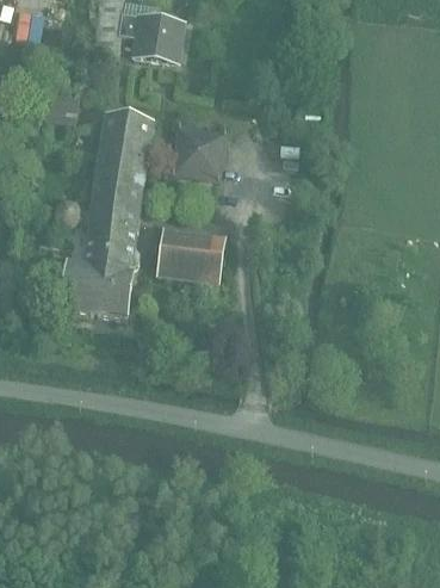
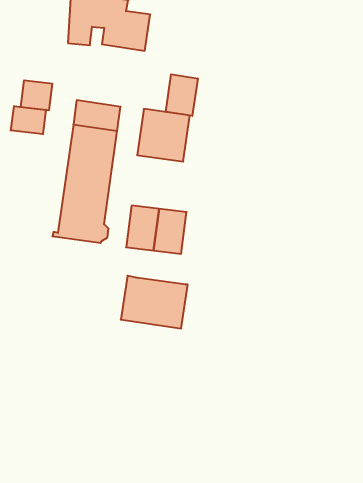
building: none -> [166,74,198,116]
building: none -> [11,106,46,134]
building: [61,259,134,316] -> [121,276,188,328]

